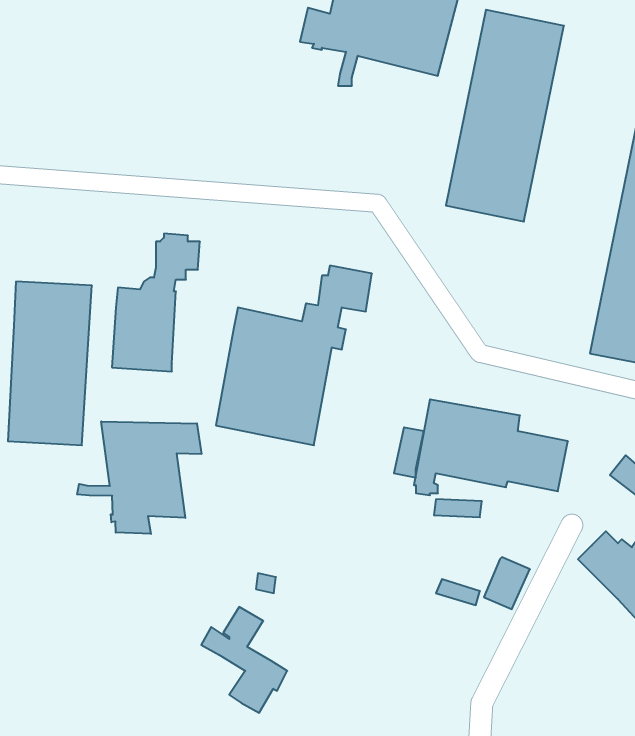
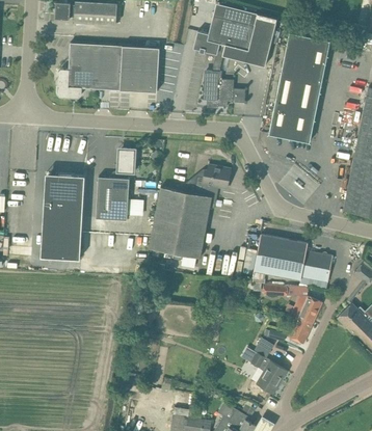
building: none -> [57,43,160,99]
building: none -> [203,72,245,107]
building: [77,421,201,534] -> none
building: none -> [291,296,322,323]
building: [201,607,287,713] -> [242,338,287,393]

